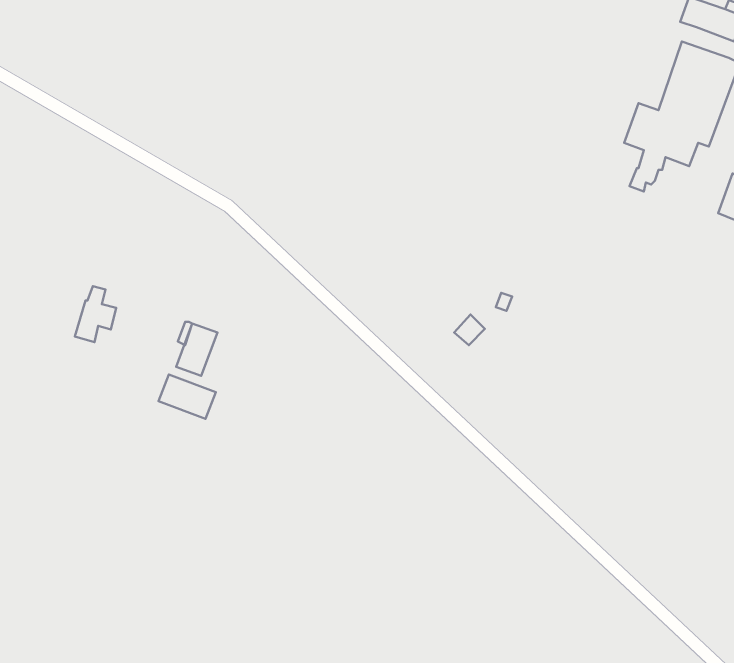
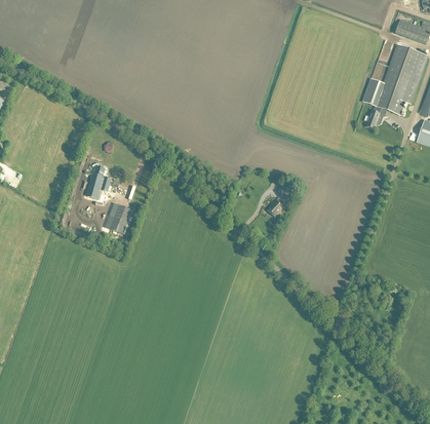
building: [75,286,116,342] -> [86,165,110,197]
building: [158,375,216,419] -> none

